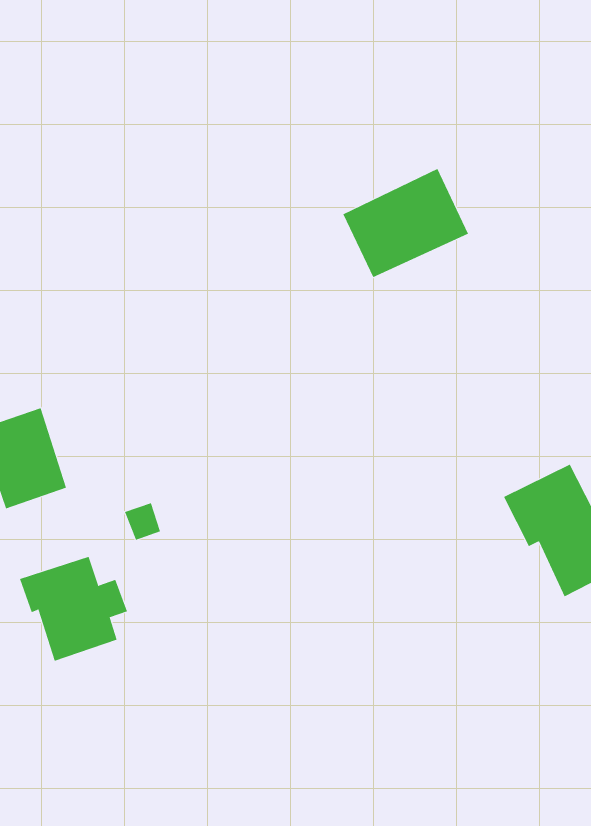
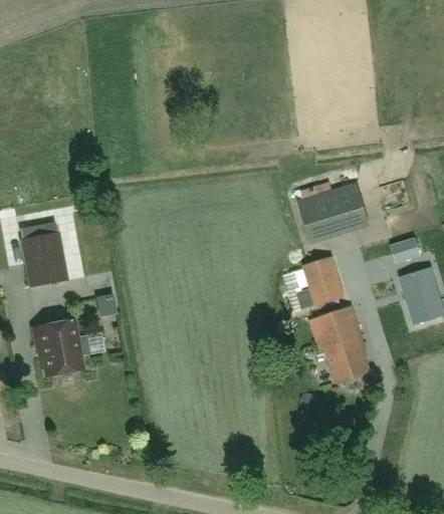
building: [342,168,469,278] -> [298,182,368,238]
building: none -> [302,258,338,304]

